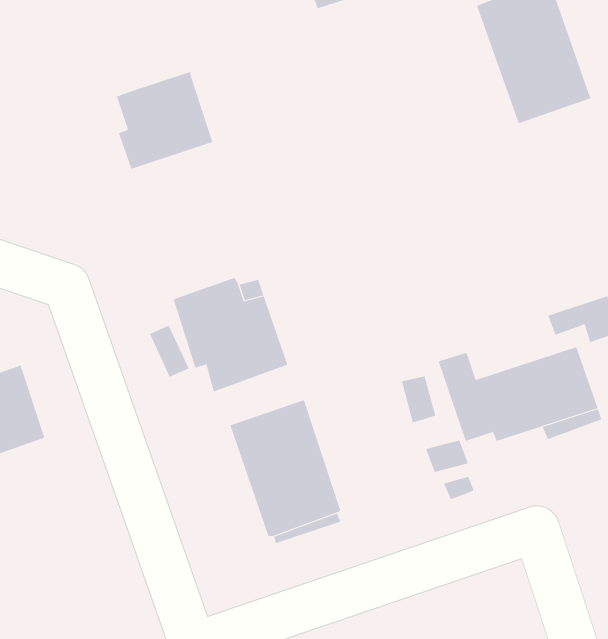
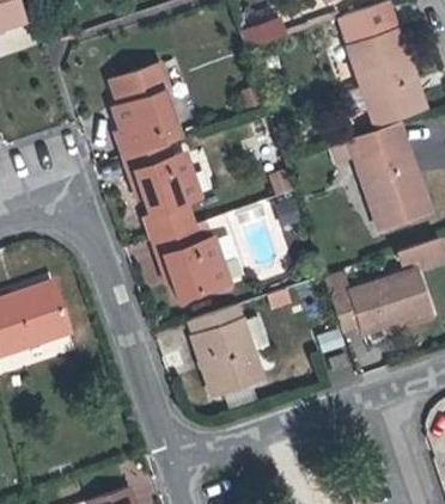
building: none -> [112,63,170,104]
building: none -> [330,123,429,231]
building: none -> [124,141,199,239]

